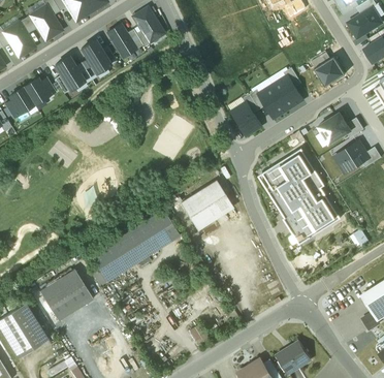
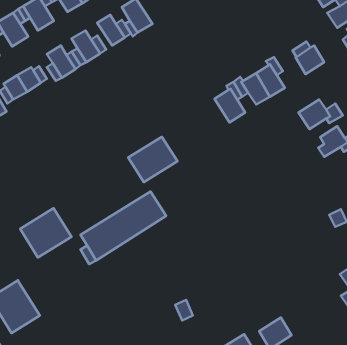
building: [262,148,341,244] -> none
building: [181,181,232,228] -> [128,137,177,182]
building: [39,269,93,320] -> [20,208,71,258]

